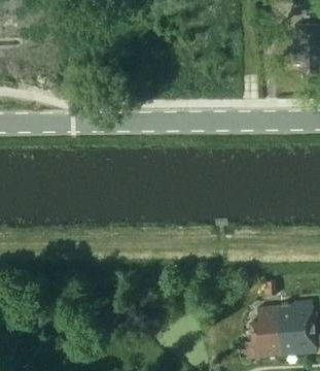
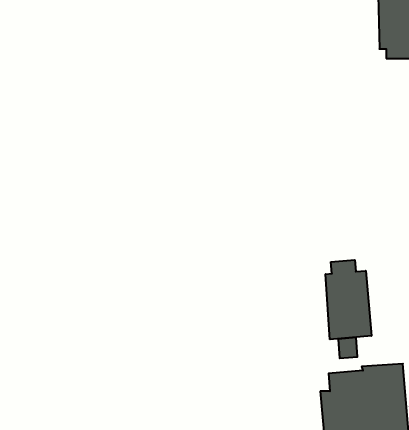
building: none -> [326,260,371,339]

